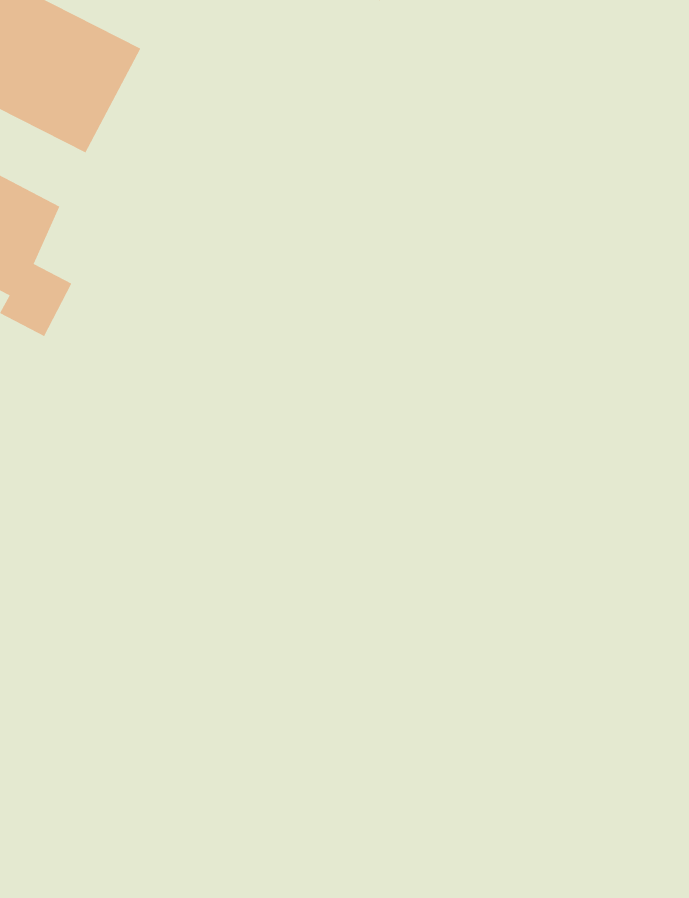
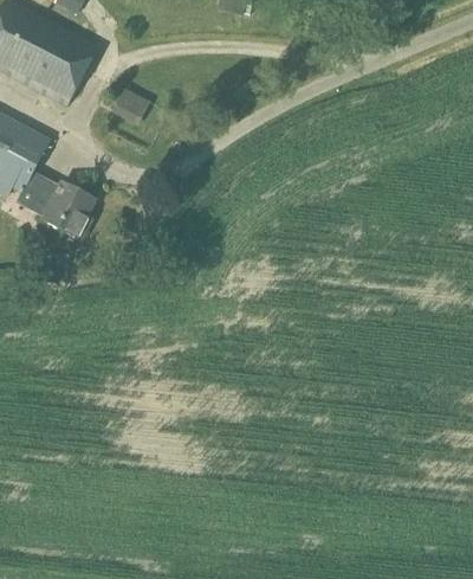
building: none -> [111,86,150,124]
building: none -> [43,182,96,239]

